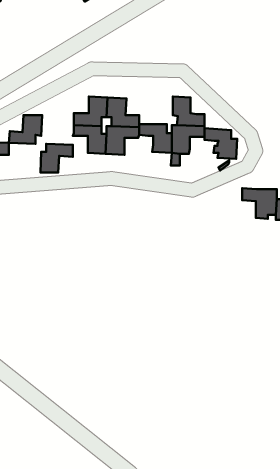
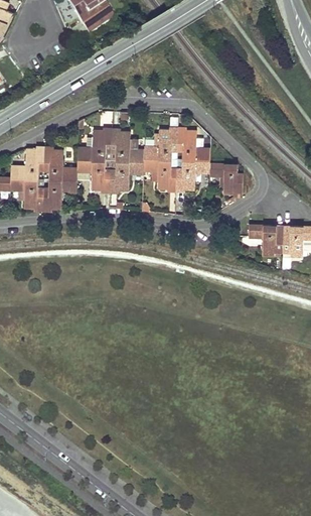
building: none -> [143,129,177,158]
building: none -> [43,149,76,179]
building: none -> [10,177,43,208]

